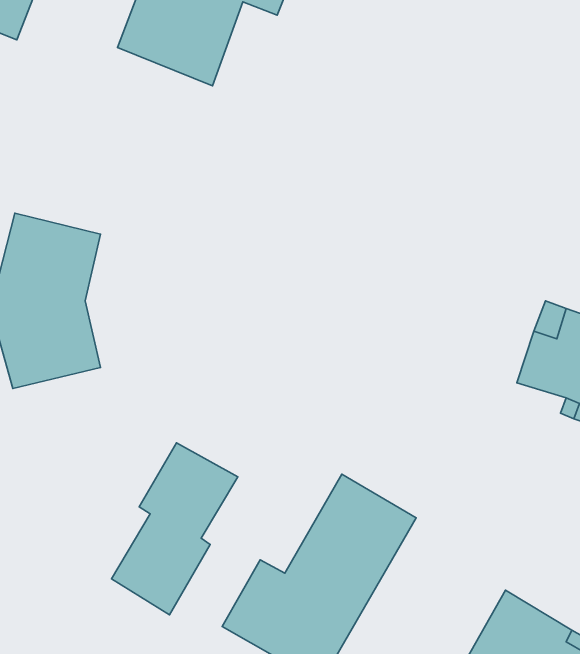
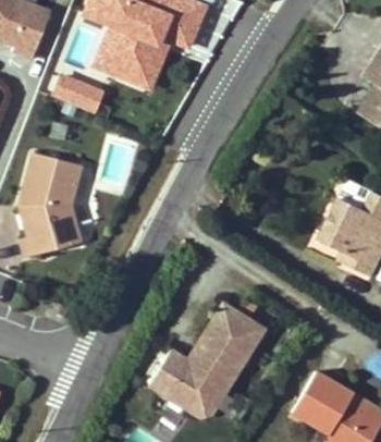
building: none -> [49,71,99,110]
building: [111,443,238,615] -> none

